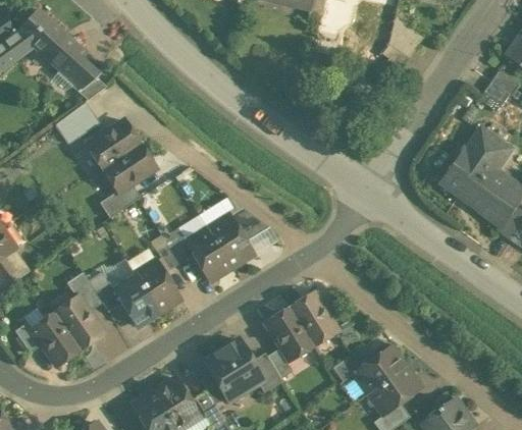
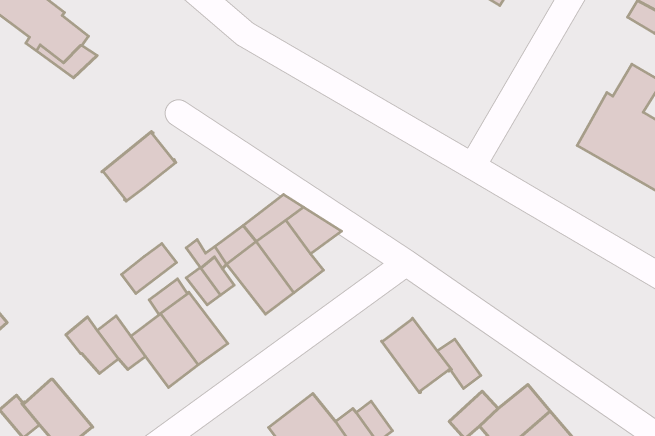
building: [55,102,100,144] -> none
building: [87,120,140,169] -> none
building: [100,183,140,217] -> [121,244,176,293]
building: [54,297,103,350] -> none
building: [266,307,313,361] -> none

